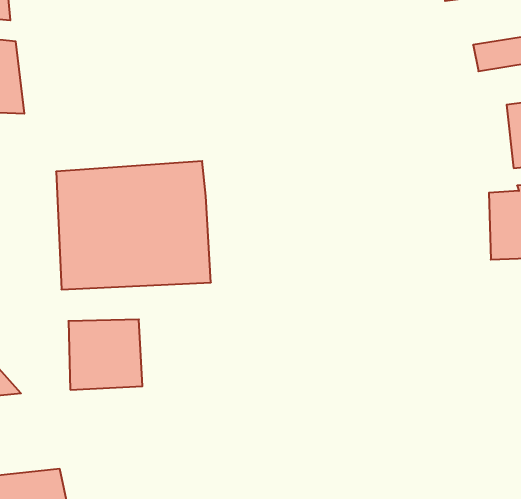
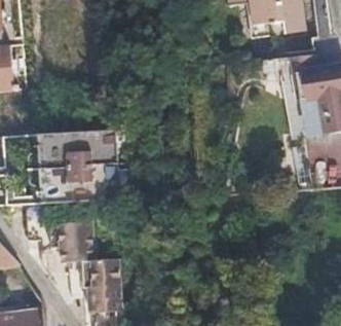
building: none -> [80,260,121,313]

